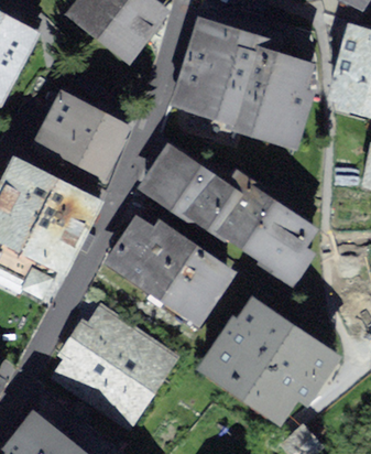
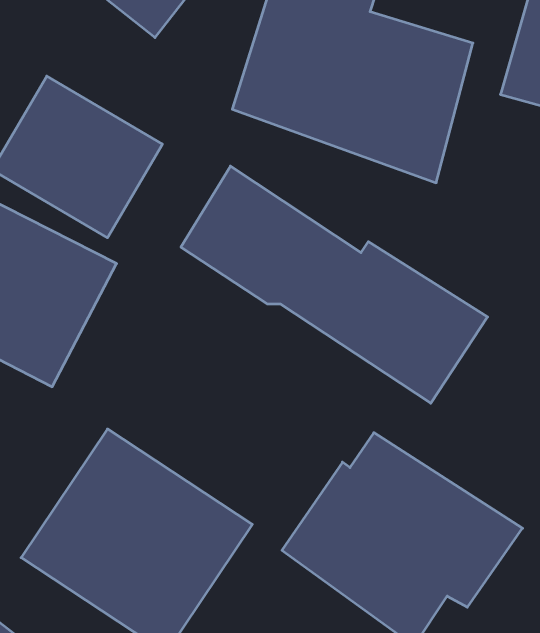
building: [108,216,239,328] -> none

